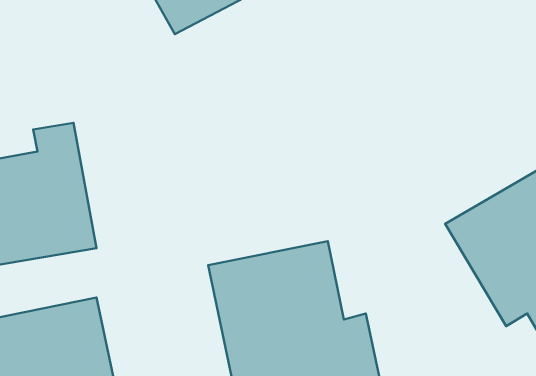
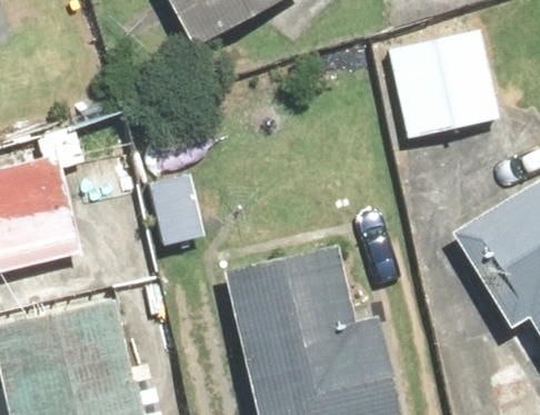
building: none -> [404,21,520,135]

